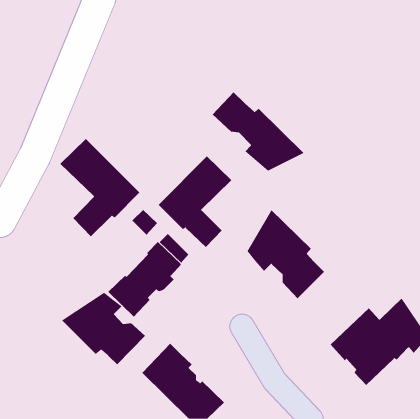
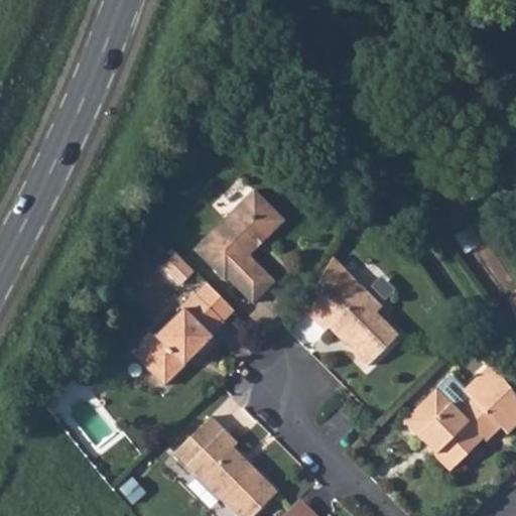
building: [212,92,305,171] -> none
building: [59,138,140,237] -> none
building: [61,292,146,365] -> none

